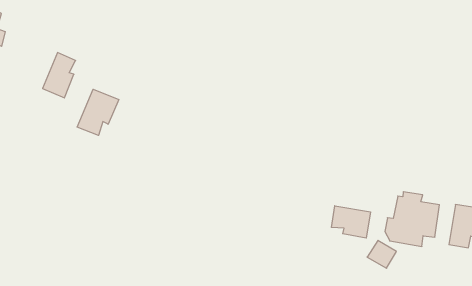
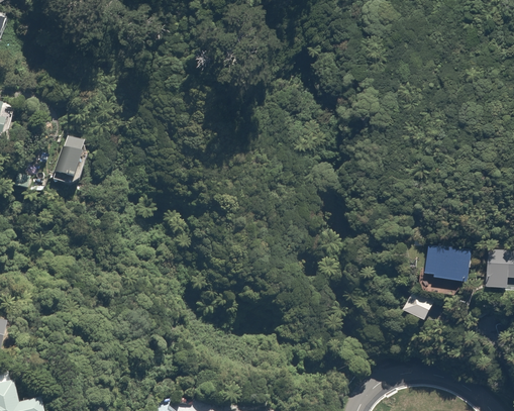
building: [77,89,119,135] -> none
building: [331,206,370,238] -> none

